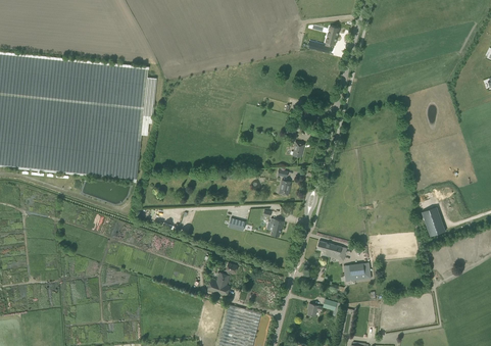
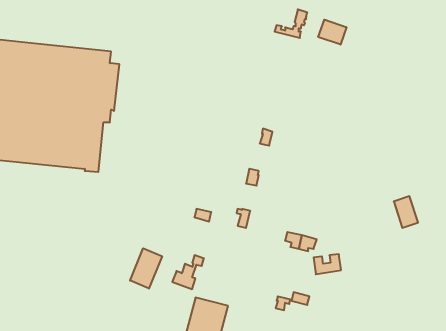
building: none -> [318,20,346,45]
building: none -> [130,248,162,289]

